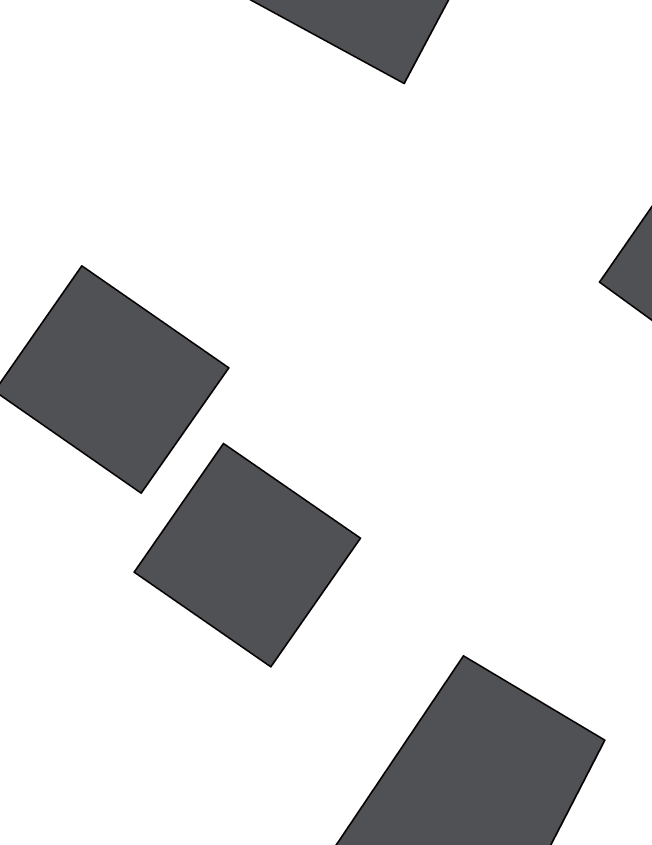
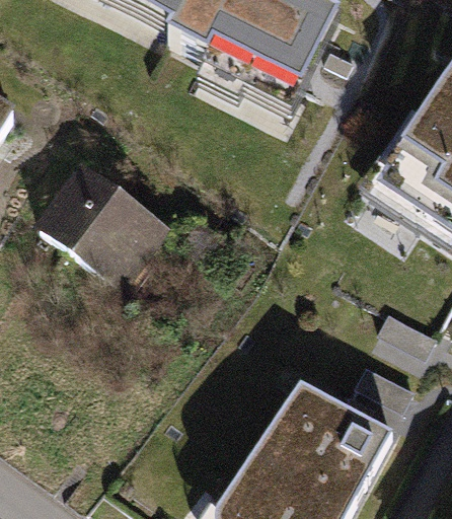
building: [134,444,360,667] -> none

